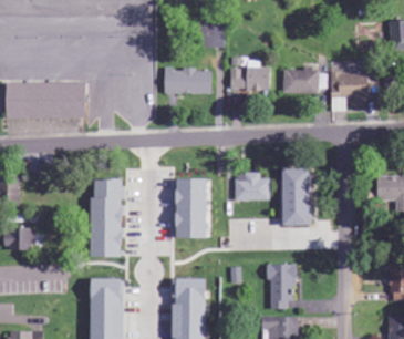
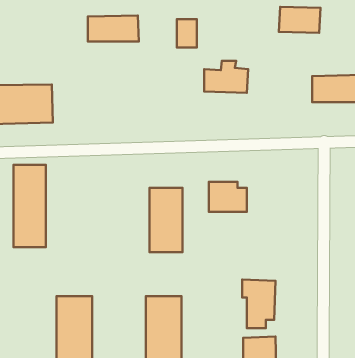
building: [164,68,211,92] -> [88,15,139,42]
building: [280,69,319,93] -> [279,7,320,33]
building: [284,167,313,225] -> none
building: [94,179,124,256] -> [14,165,46,247]

